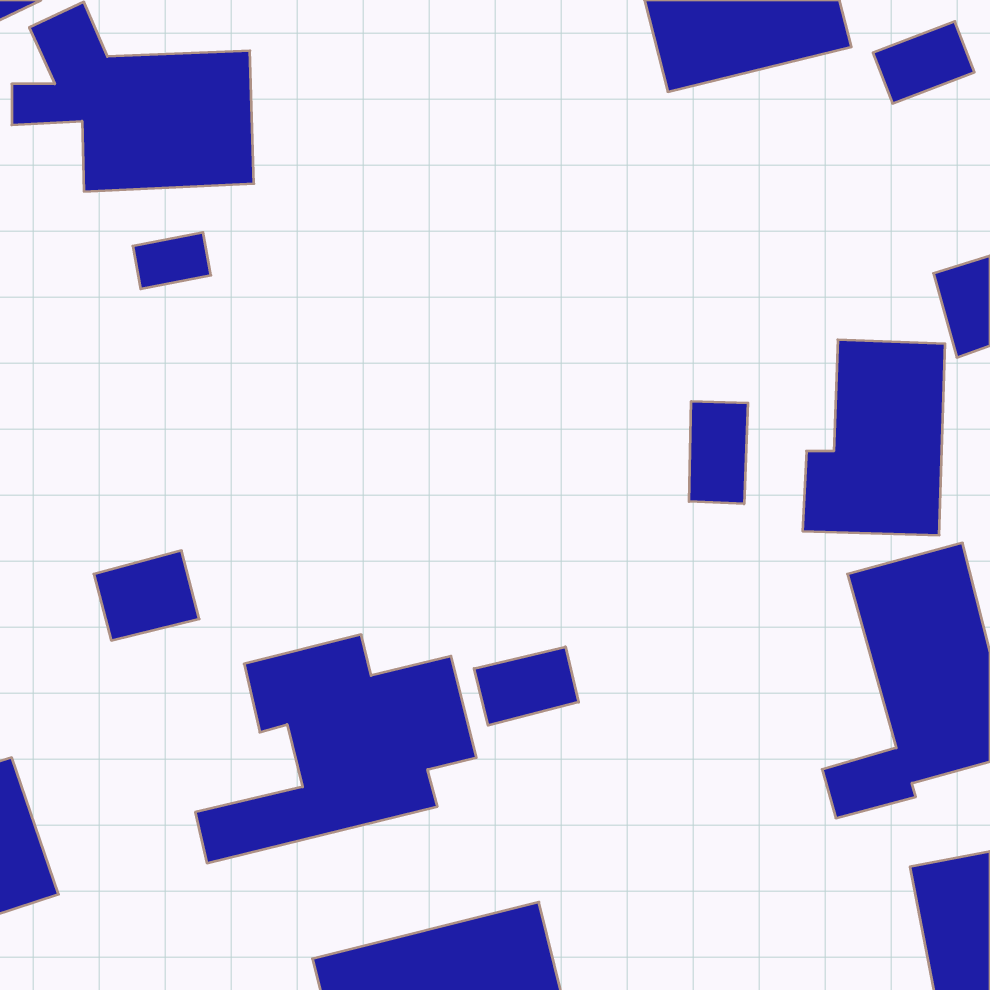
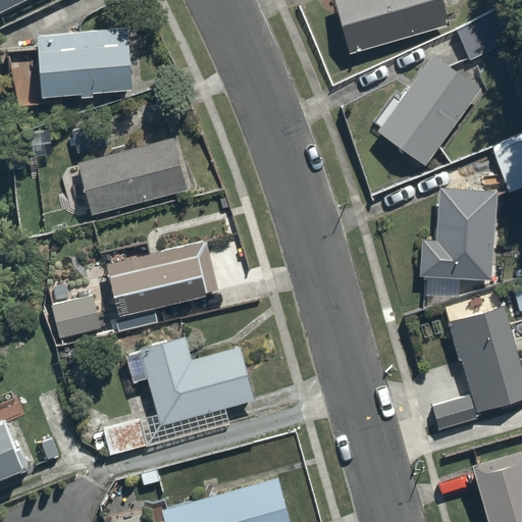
building: none -> [374,49,488,168]
building: none -> [75,140,192,215]
building: [689,401,748,504] -> none
building: none -> [103,247,216,329]
building: [474,647,579,725] -> none

